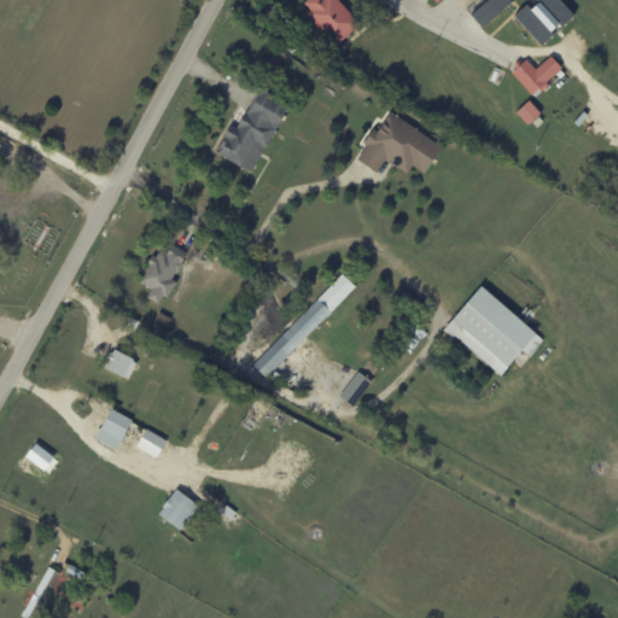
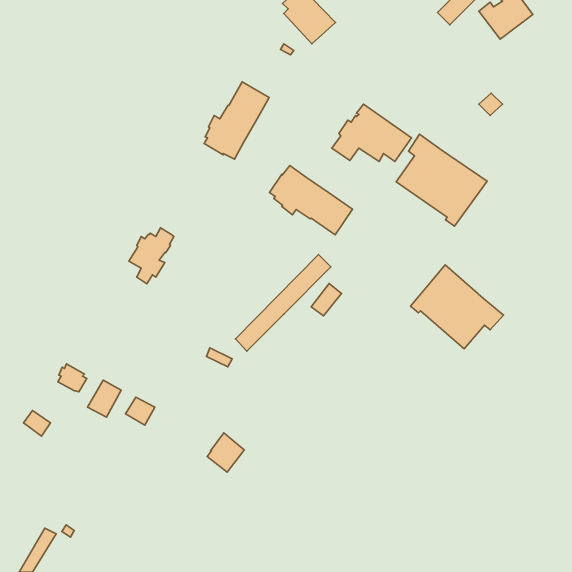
building: [513,58,562,95] -> none
building: none -> [396,134,487,226]
building: none -> [269,165,353,235]
building: [105,349,136,379] -> [58,364,87,392]
building: [339,372,372,407] -> [311,283,341,316]
building: [158,489,198,531] -> [207,433,244,472]

